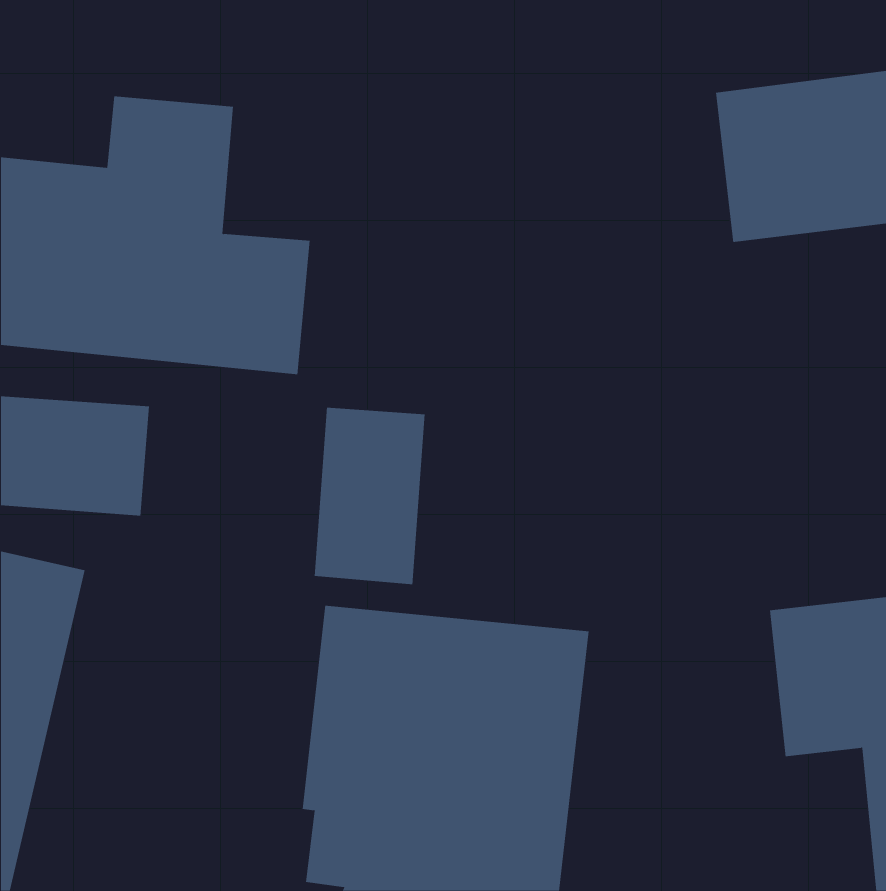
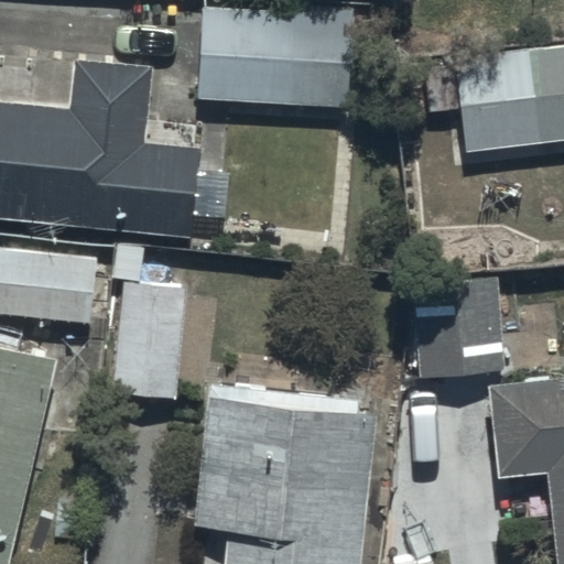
building: none -> [199,12,350,107]
building: [314,407,425,585] -> [115,284,185,397]
building: none -> [413,280,501,377]

